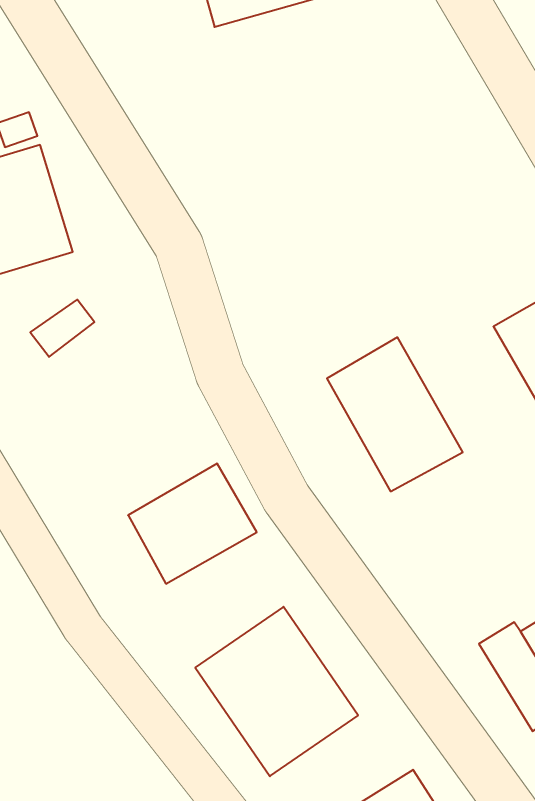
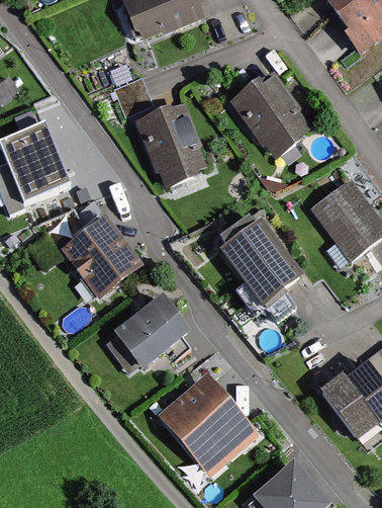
building: none -> [233,75,307,154]
building: none -> [138,106,210,188]
building: none -> [65,214,139,290]

